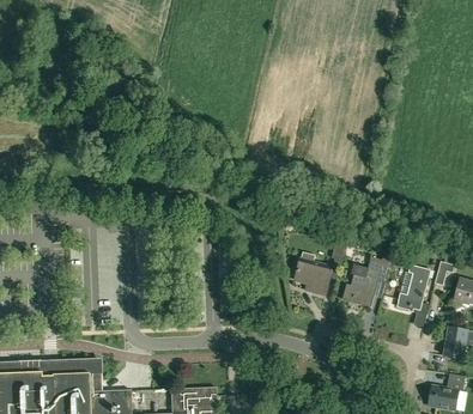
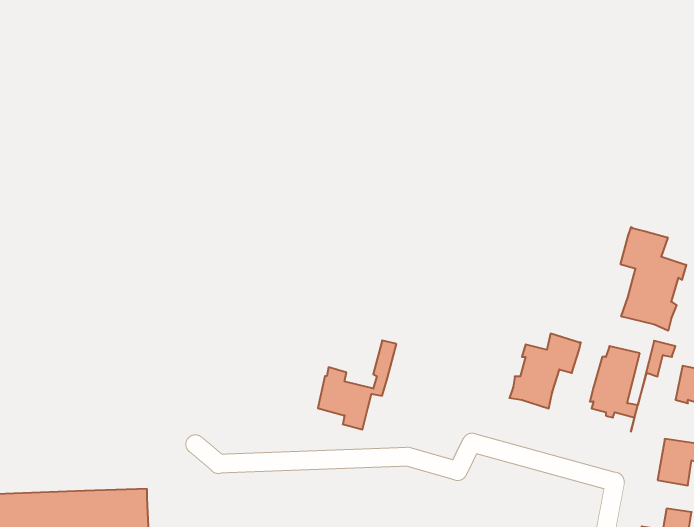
building: none -> [621,227,686,331]
building: [296,235,348,294] -> [318,340,396,430]

